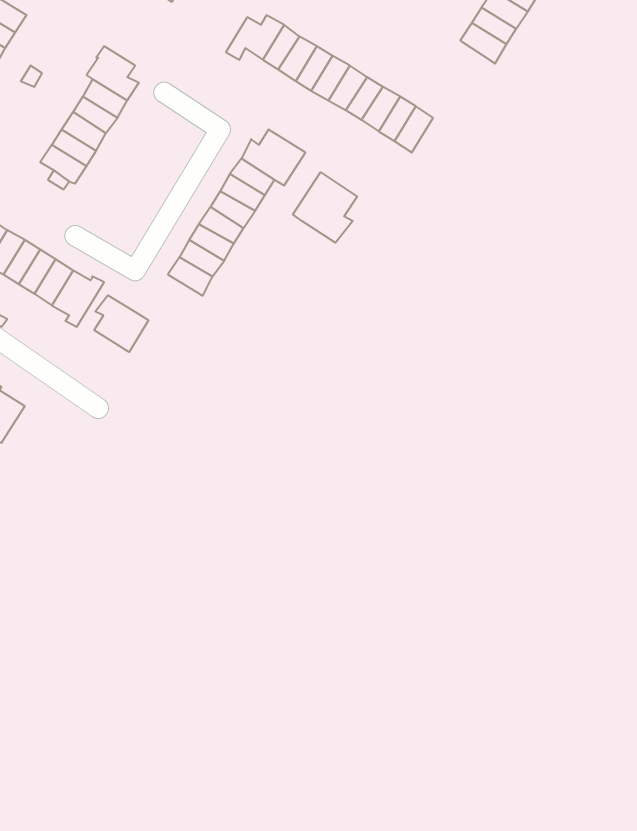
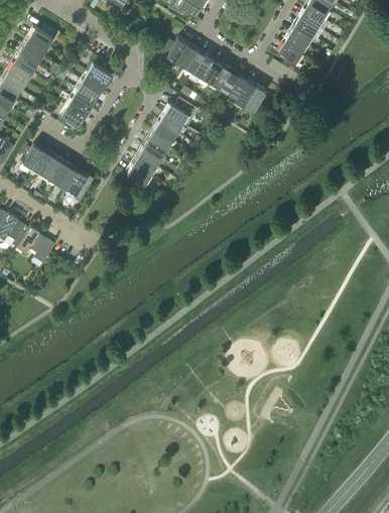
building: [293,172,357,243] -> none
building: [94,295,148,352] -> none

